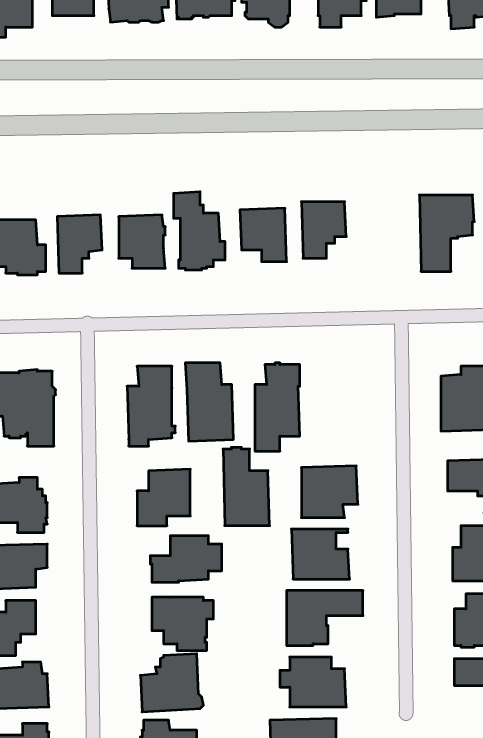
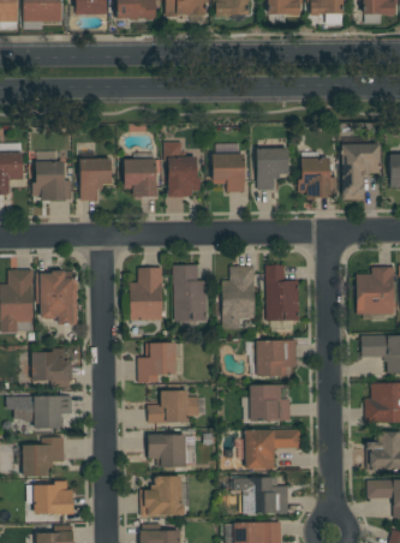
building: none -> [298,157,338,197]
building: [223,447,270,526] -> [265,263,299,320]

